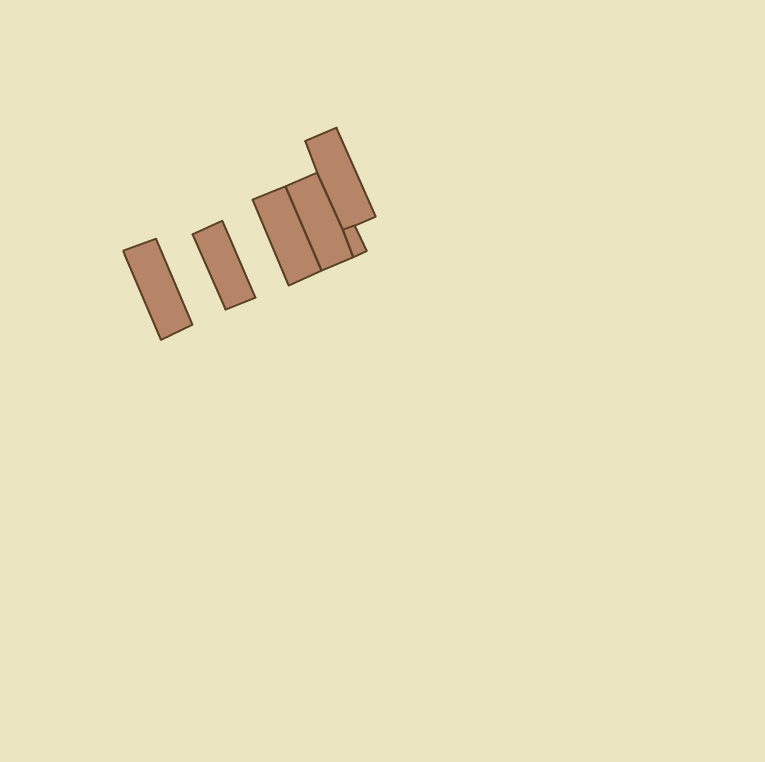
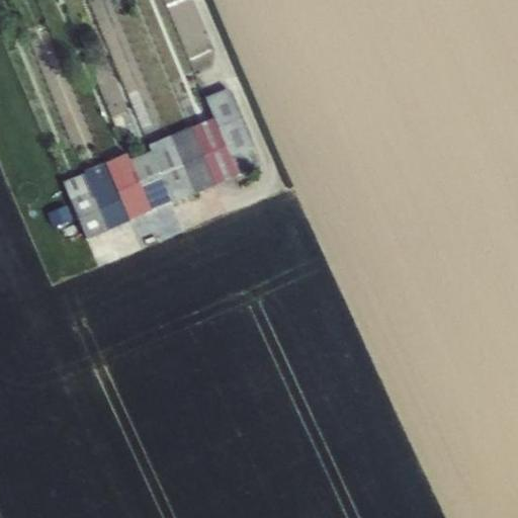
building: none -> [148,135,194,201]
building: none -> [105,152,152,219]
building: none -> [62,172,108,238]

